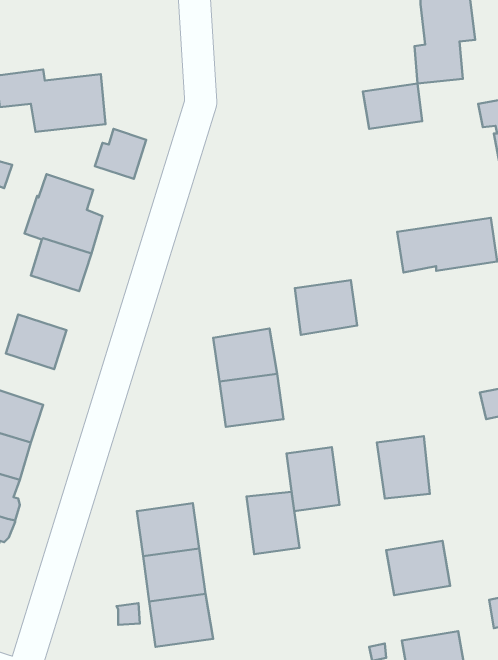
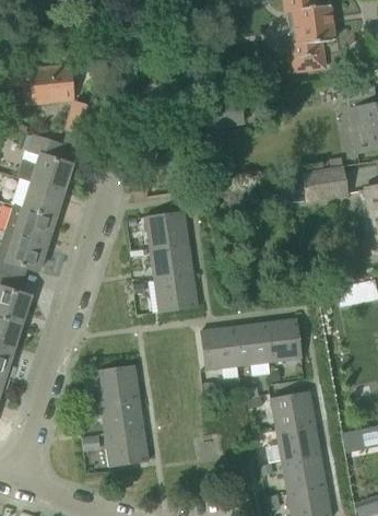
building: [363,84,422,129] -> [203,96,245,128]
building: none -> [10,203,56,244]
building: [295,280,357,335] -> [145,211,189,249]
building: [246,492,299,554] -> [233,322,270,366]
building: none -> [276,423,321,461]

